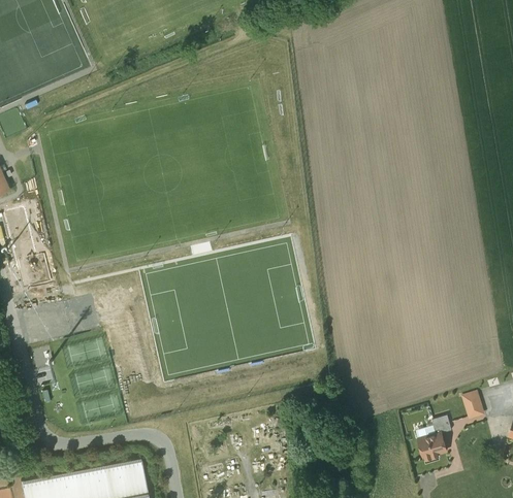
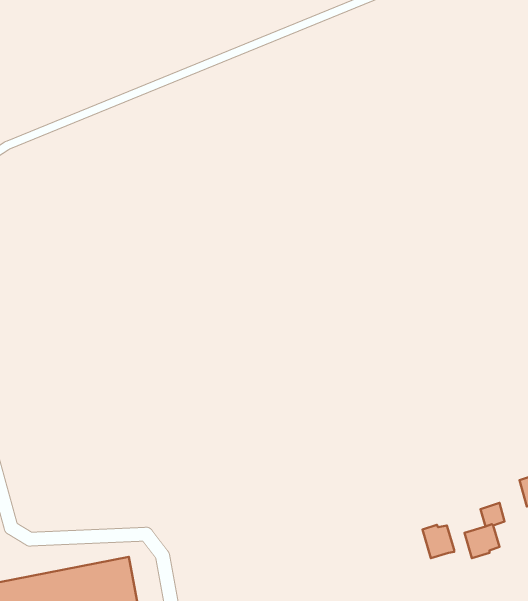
building: none -> [422,525,454,558]

